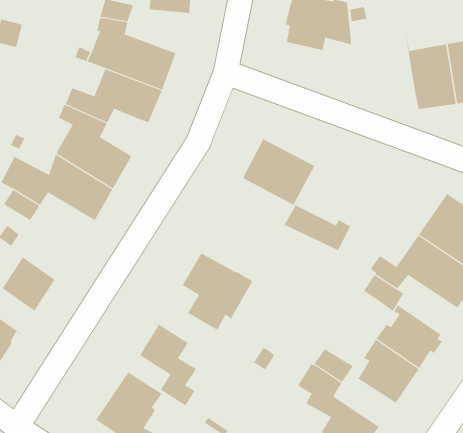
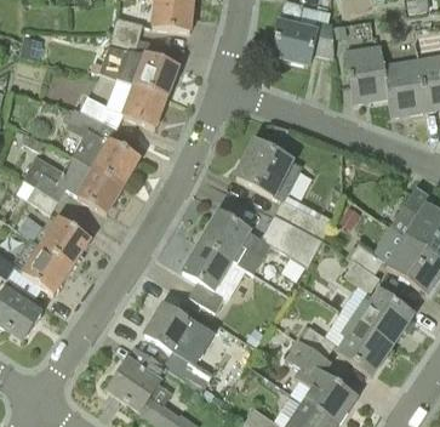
building: none -> [344,44,388,102]
building: none -> [200,211,321,266]
building: none -> [42,217,91,266]

